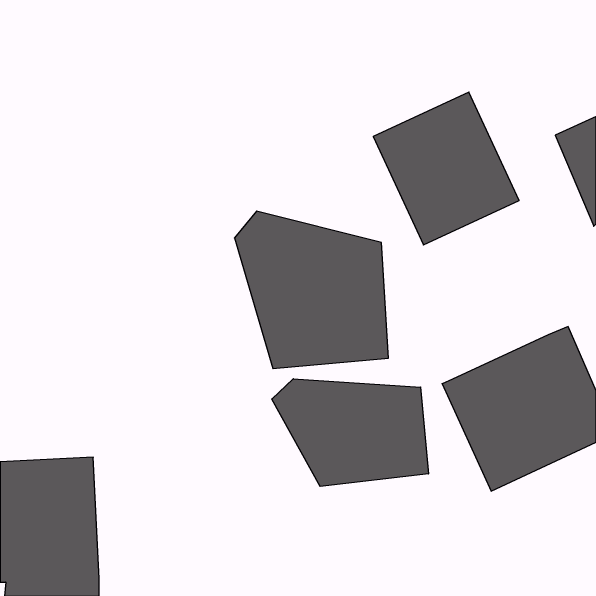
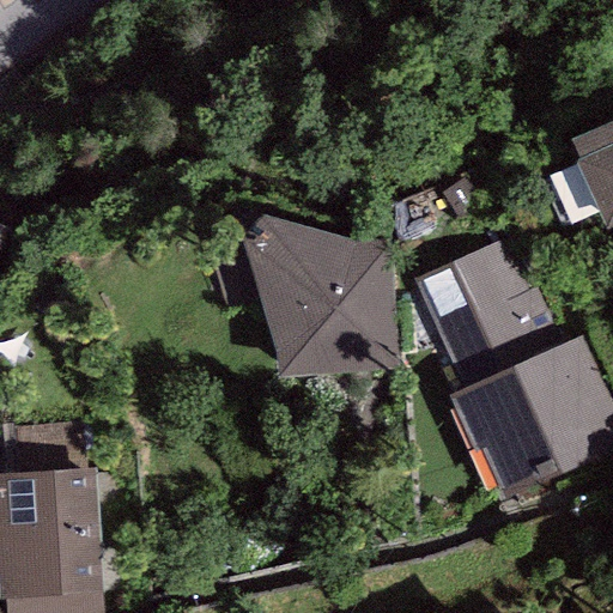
building: [373,92,519,245] -> [413,232,563,389]
building: [272,379,428,486] -> none

